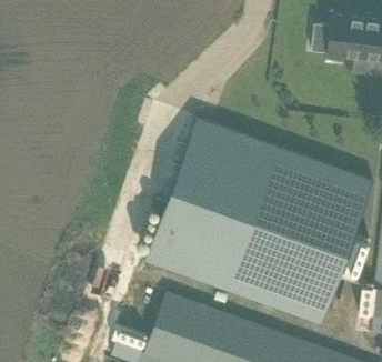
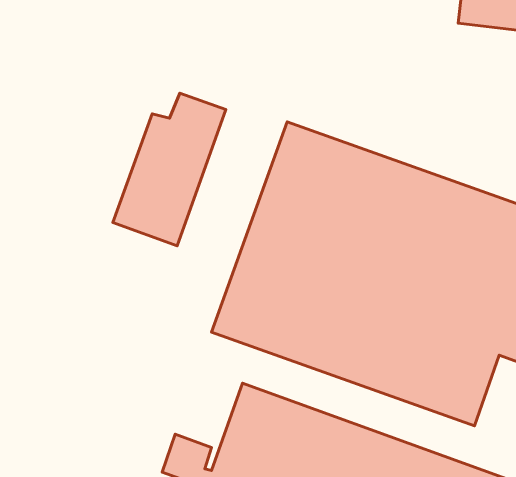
building: none -> [113,93,226,246]

